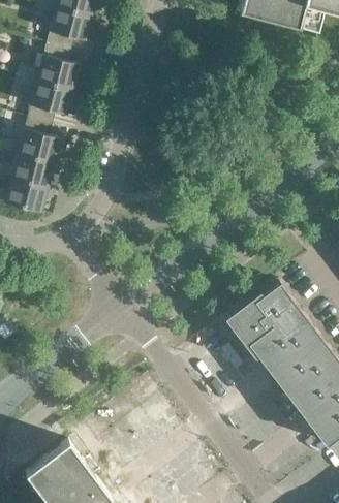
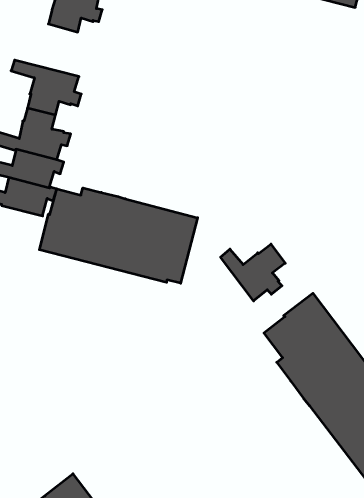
building: [17,44,85,91] -> none
building: none -> [39,188,198,283]
building: none -> [221,244,285,301]

